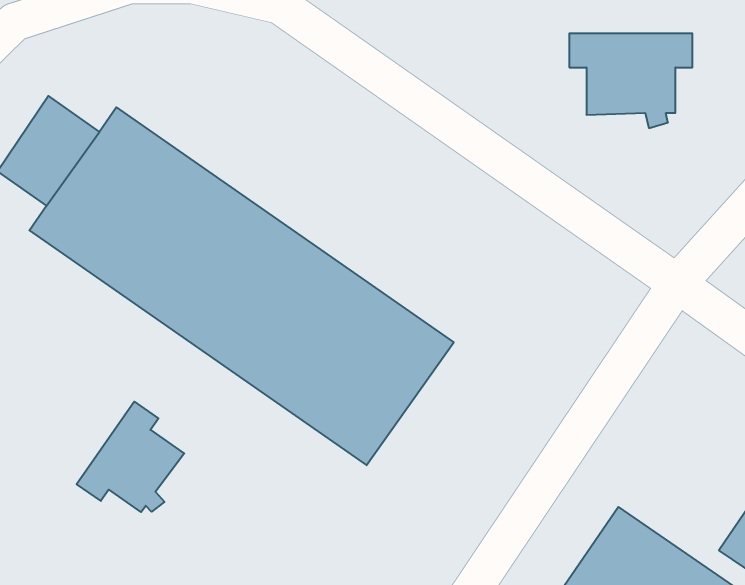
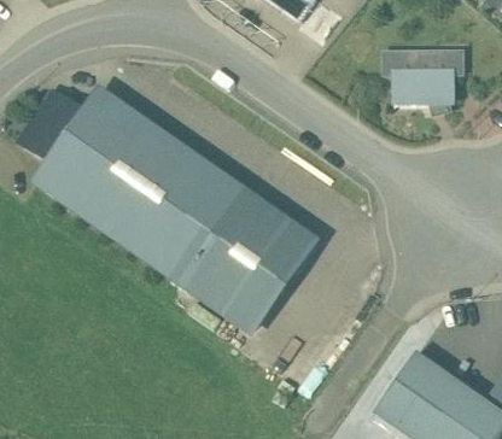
building: [77,402,184,512] -> none

